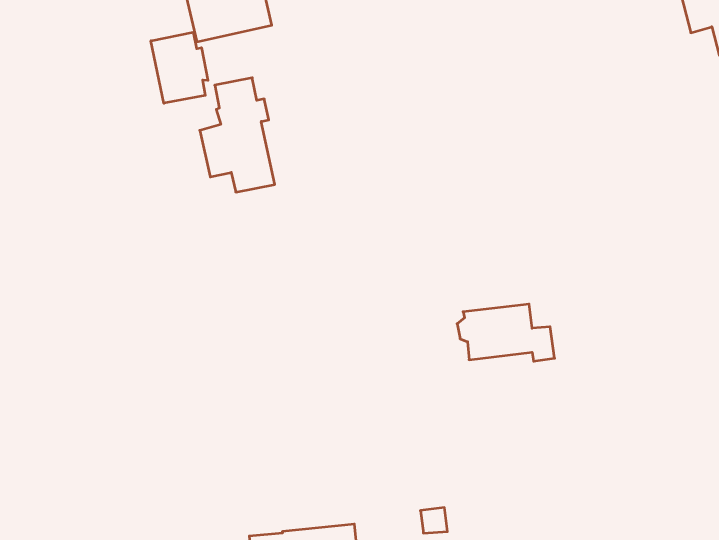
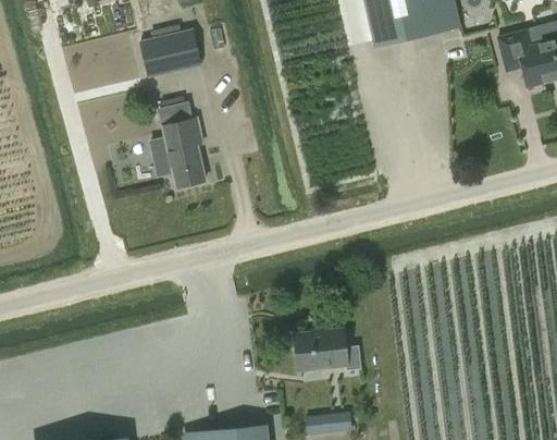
building: [151,32,208,103] -> none
building: [457,304,555,361] -> [290,329,361,370]

